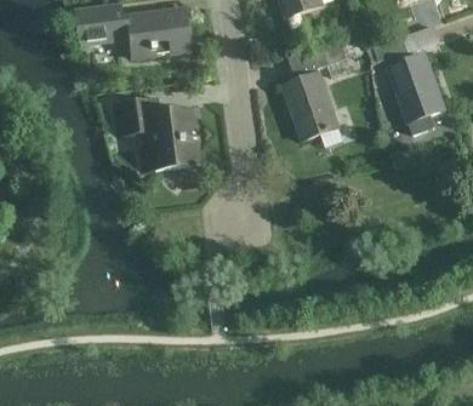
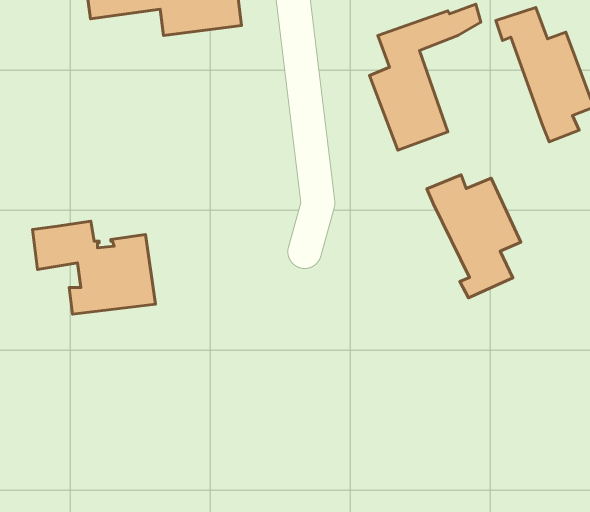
building: [113,98,203,166] -> [33,221,156,314]
building: none -> [427,175,521,298]

